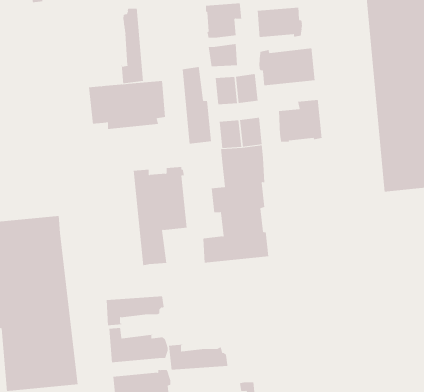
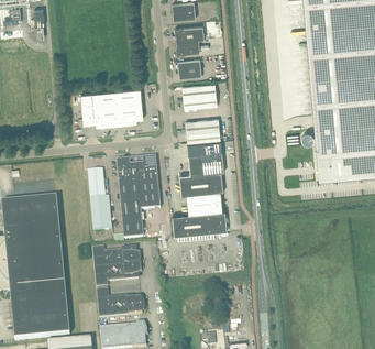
building: [257,7,303,38] -> none
building: [121,8,144,84] -> none
building: [258,48,315,86] -> none
building: [182,66,212,144] -> [88,167,112,230]
building: [278,99,322,143] -> none
building: [168,344,228,370] -> [92,244,141,265]

